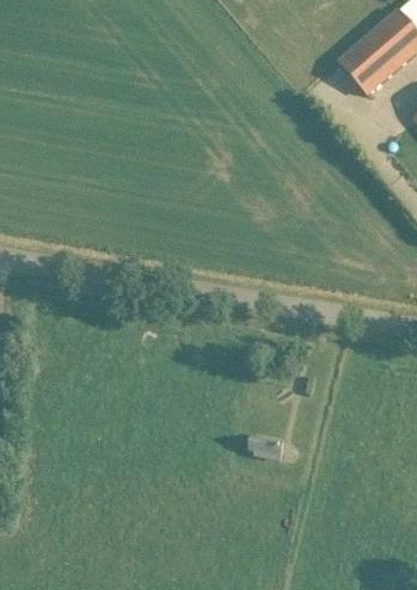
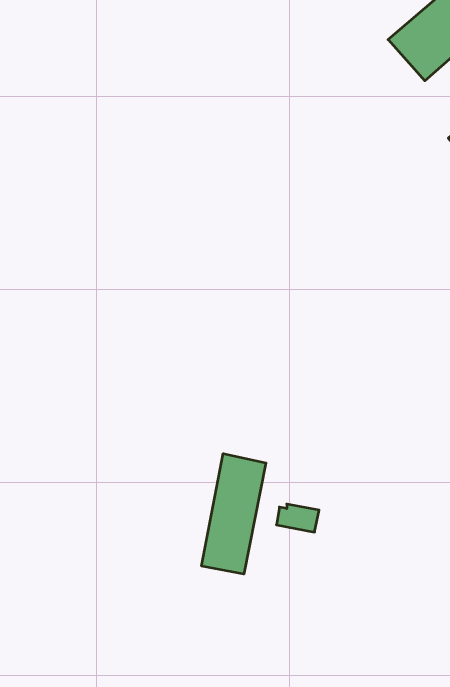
building: none -> [202,454,266,574]

